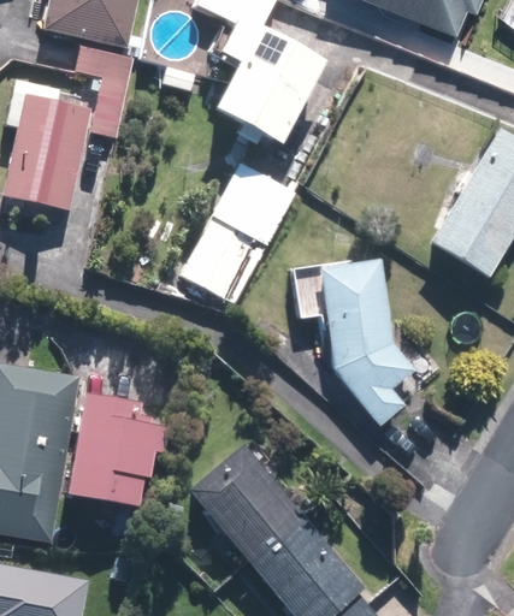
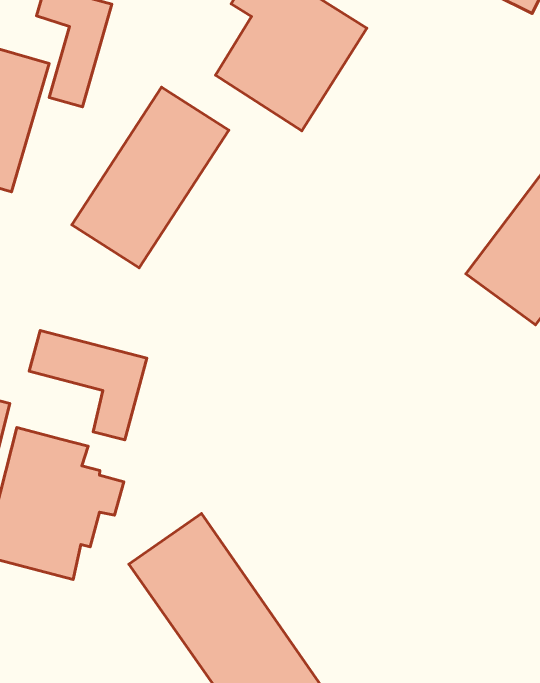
building: [179,162,295,304] -> [72,87,229,268]
building: [315,261,414,426] -> none
building: none -> [29,330,147,440]

